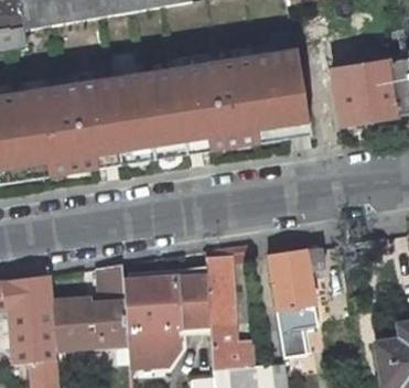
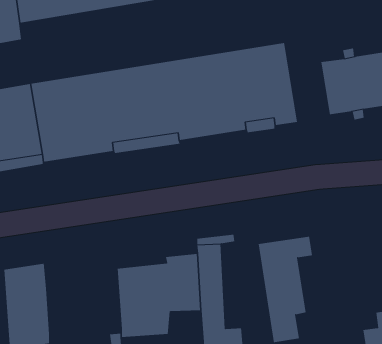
building: [52,265,128,348] -> none

